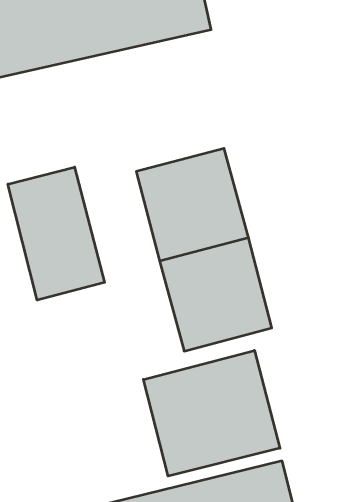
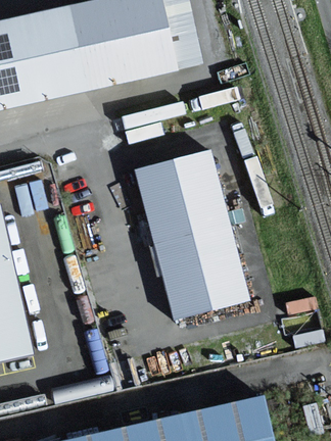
building: [8,167,105,300] -> none
building: [143,350,280,476] -> none

